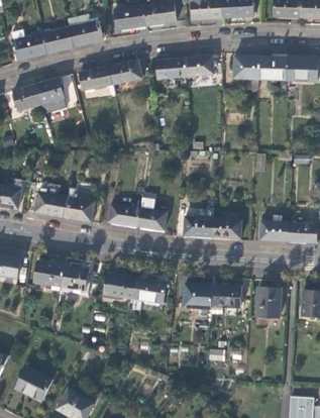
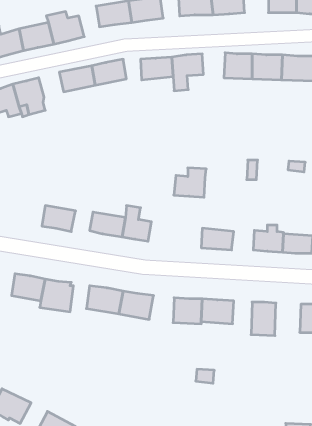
building: [33,192,66,216] -> none
building: [183,209,213,236] -> [174,168,206,197]

